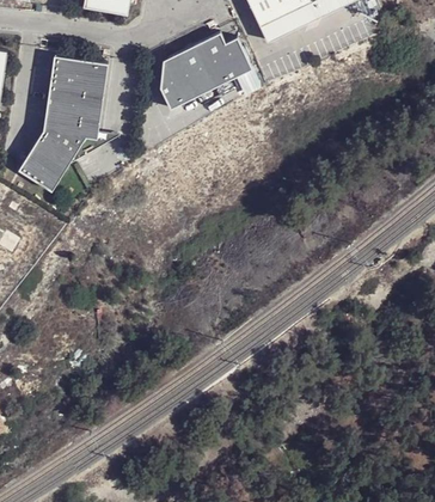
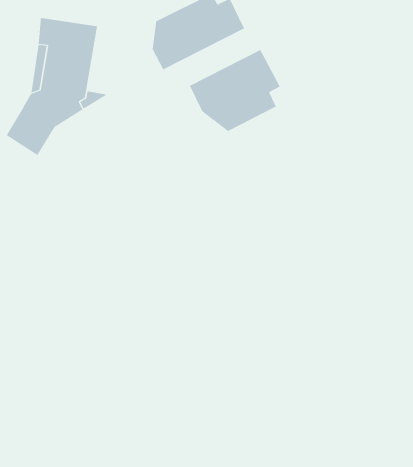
building: none -> [189,49,280,132]

